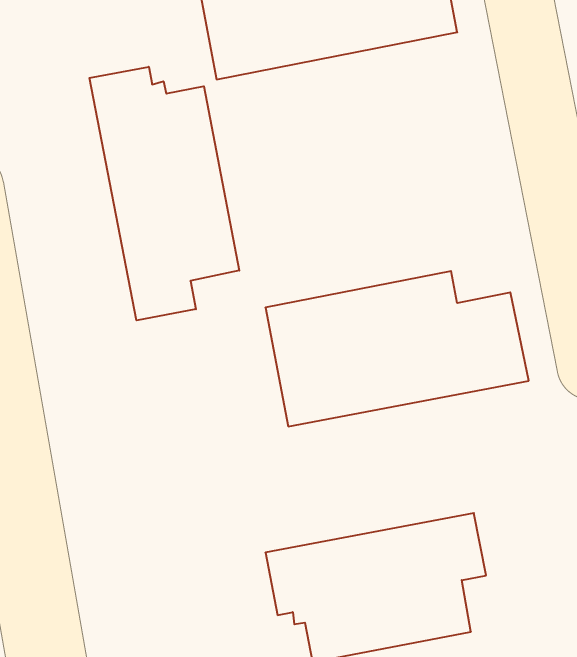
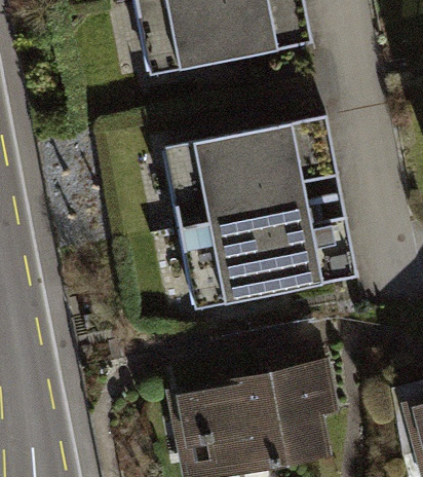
building: [89,67,239,320] -> none
building: none -> [169,119,340,229]

